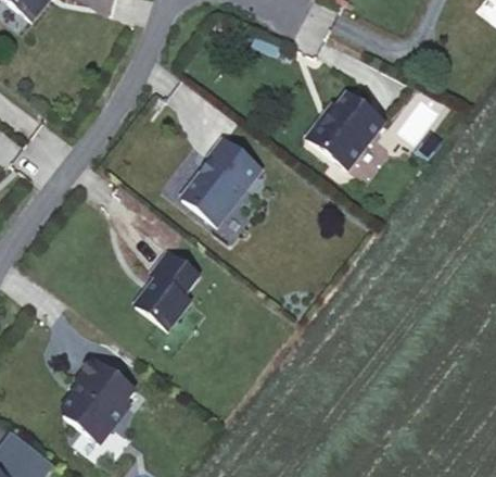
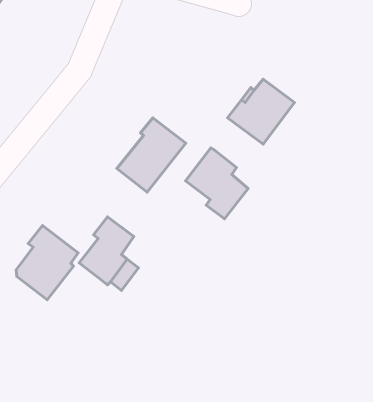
building: none -> [186,148,248,219]
building: [61,353,132,439] -> [16,225,78,300]

